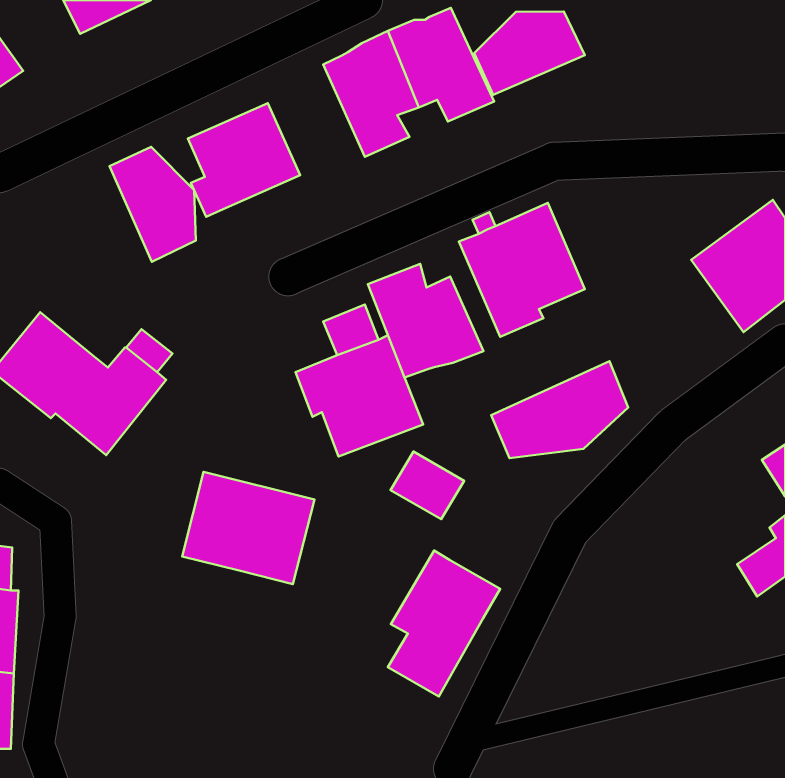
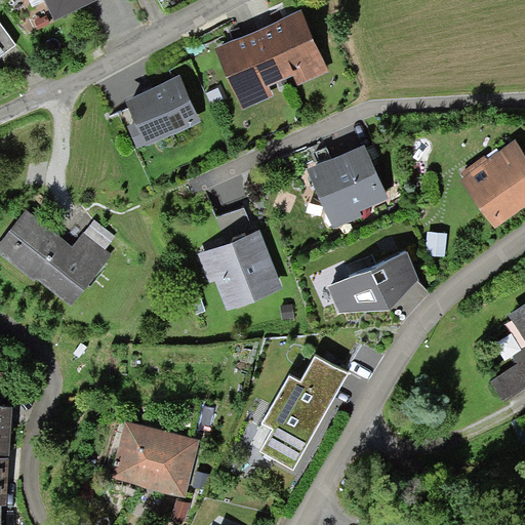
building: [474,12,585,95] -> none
building: [109,147,196,262] -> none
building: [368,264,484,377] -> none
building: [390,452,464,519] -> [299,353,349,398]
building: [182,472,314,584] -> [111,420,199,495]

